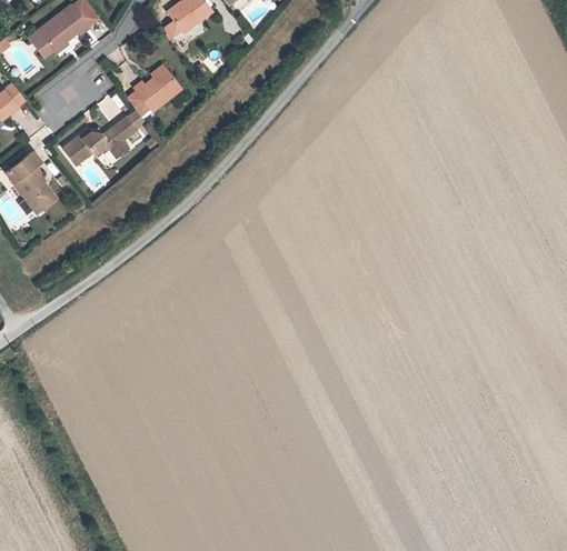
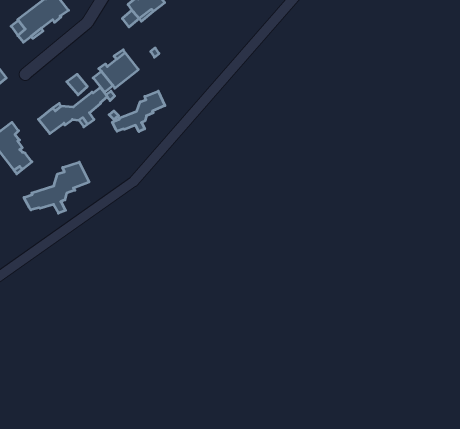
building: none -> [112,91,165,132]
building: none -> [24,162,89,213]

